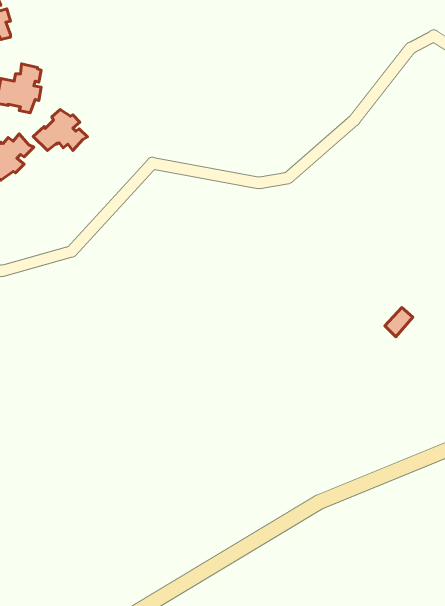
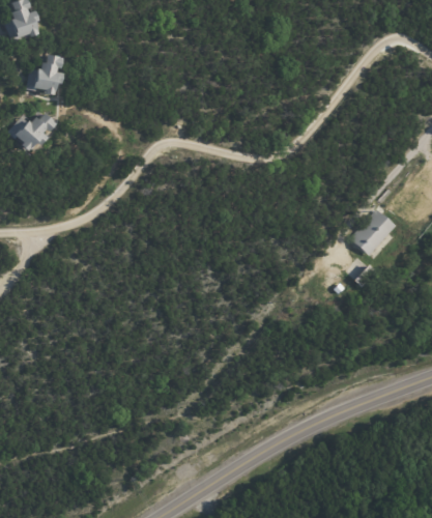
building: [33,110,87,151] -> none
building: none -> [351,207,396,254]

